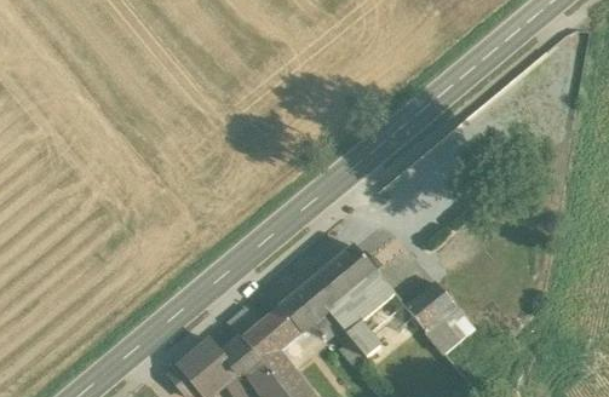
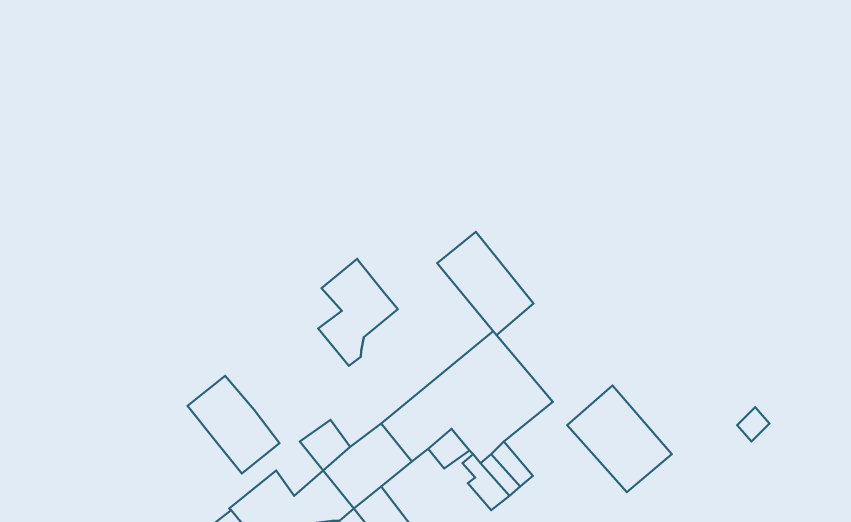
building: none -> [437,232,534,335]
building: none -> [318,259,398,366]
building: none -> [188,376,279,473]

